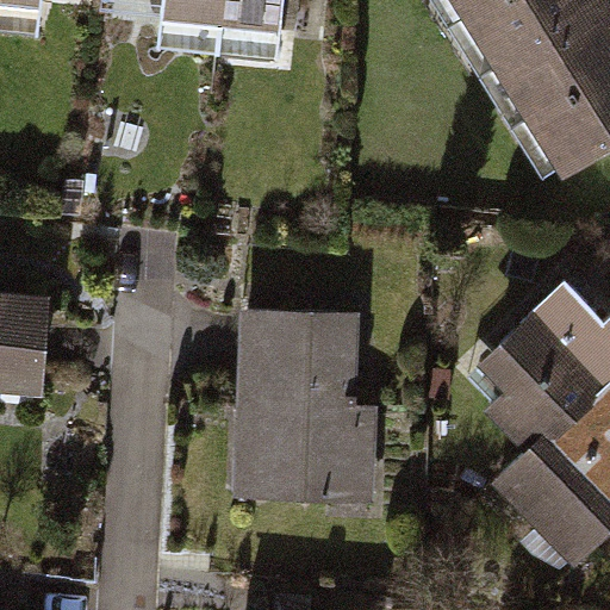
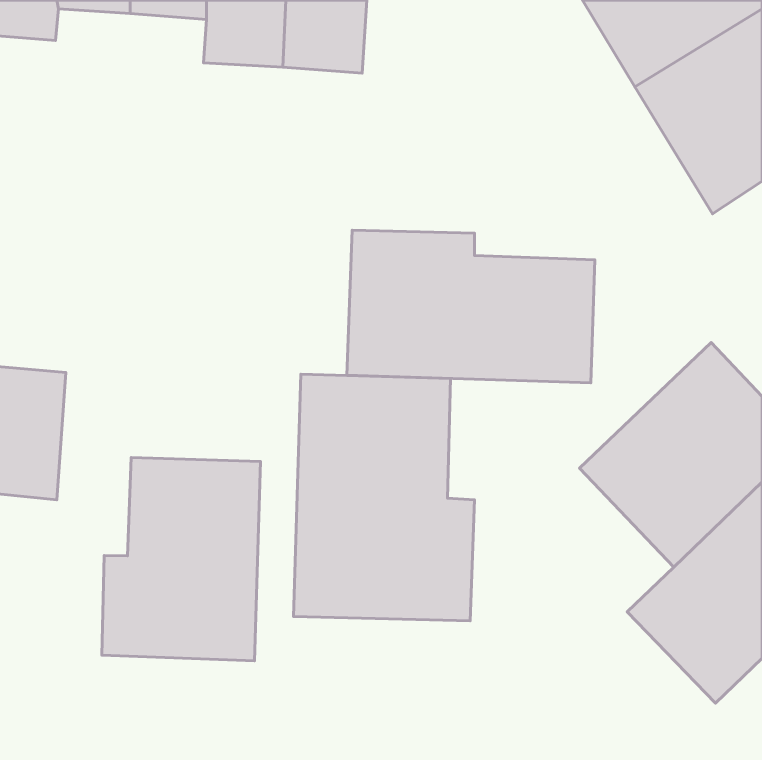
building: none -> [347,230,595,383]
building: none -> [102,457,261,661]

